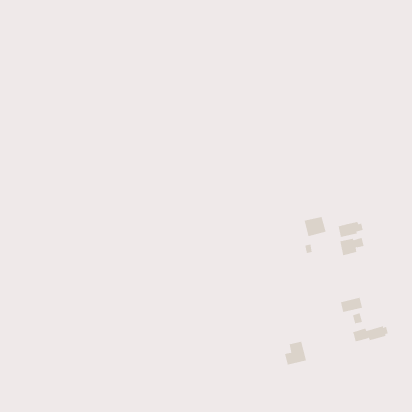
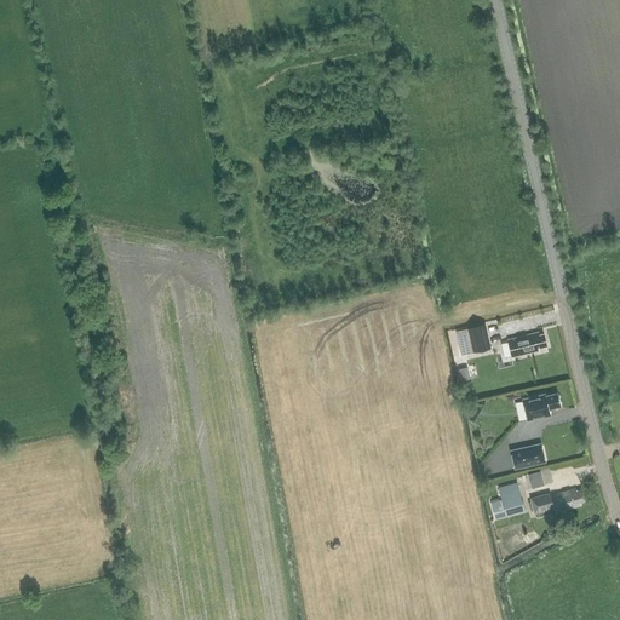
building: [339,237,364,256] -> [522,392,559,420]
building: [284,341,307,365] -> [489,482,523,518]

